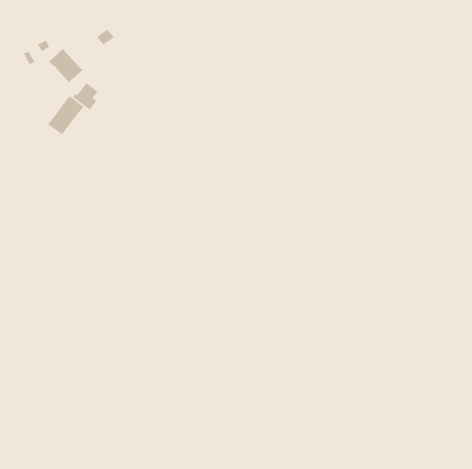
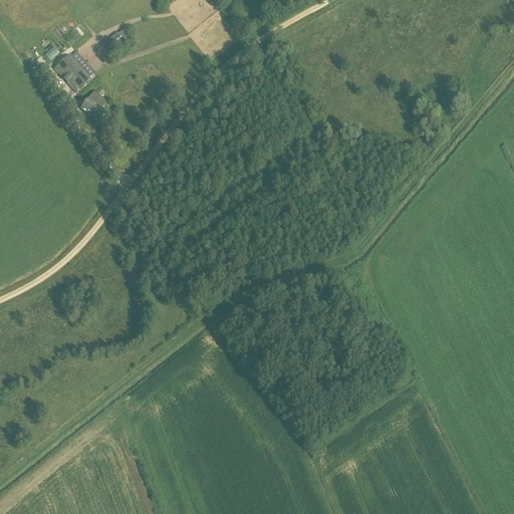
building: [47,95,84,135] -> none

